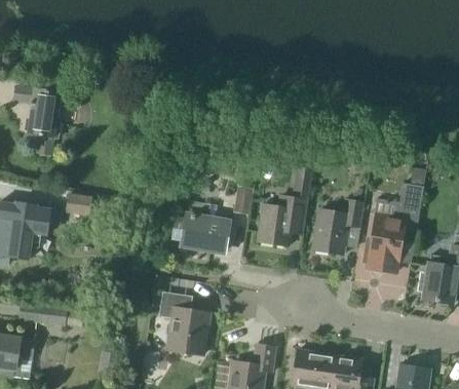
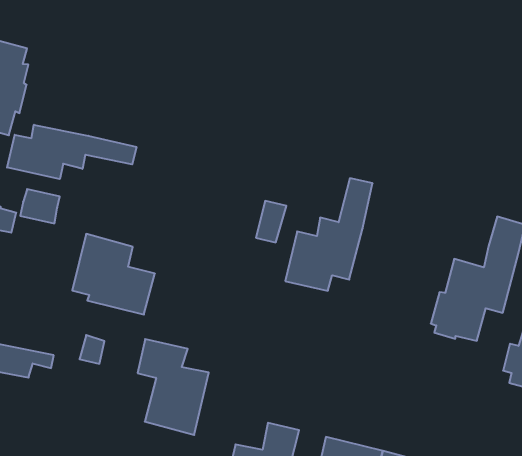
building: none -> [7,125,136,179]
building: [171,198,229,251] -> [72,234,155,315]
building: [313,198,365,255] -> none

